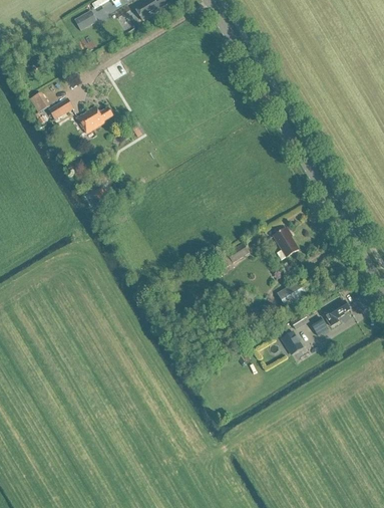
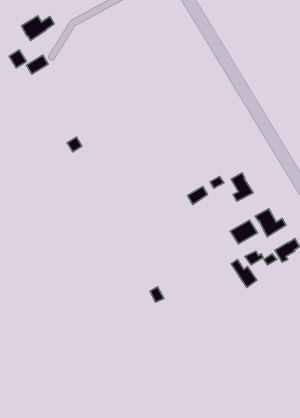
building: [78,106,114,134] -> [21,16,54,40]
building: none -> [255,209,286,237]

